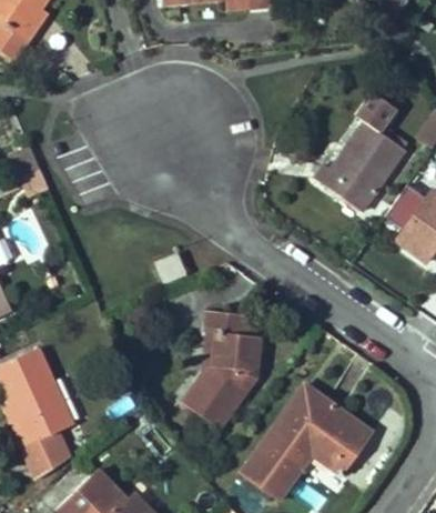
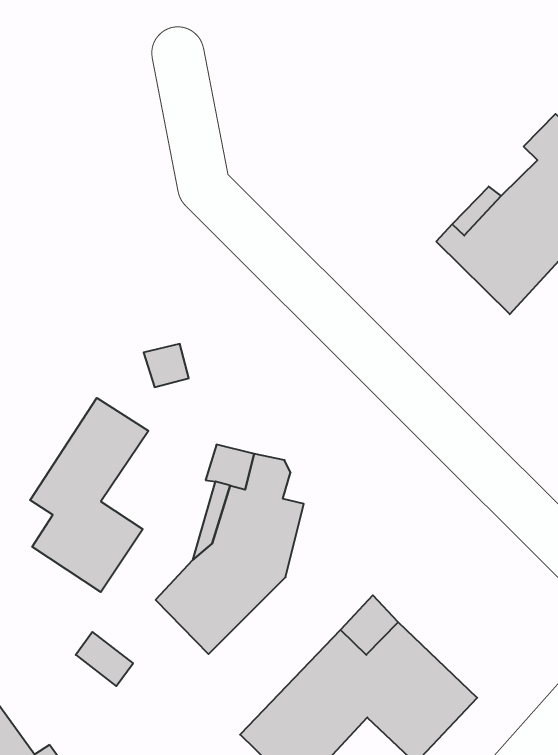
building: none -> [30,398,148,592]

